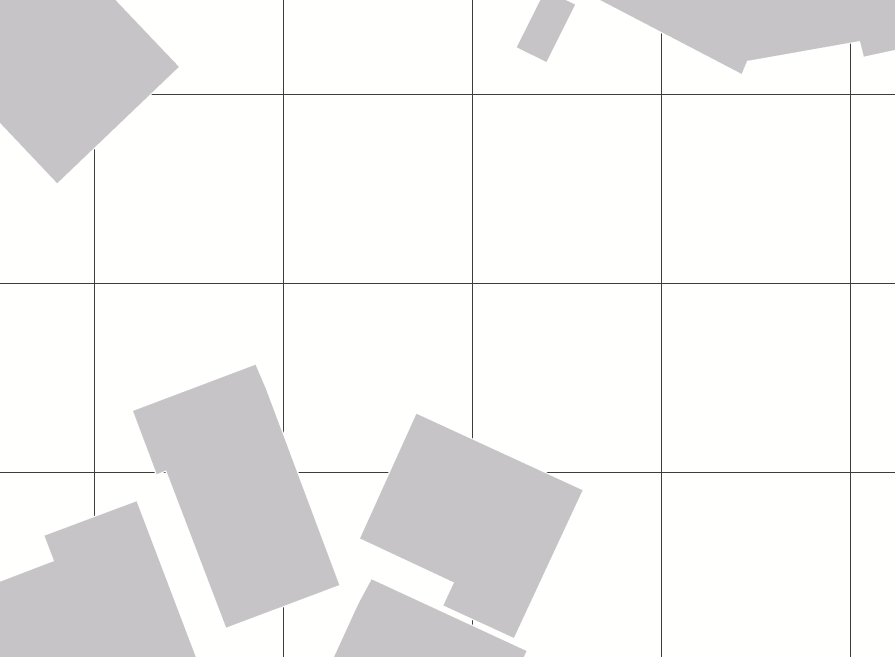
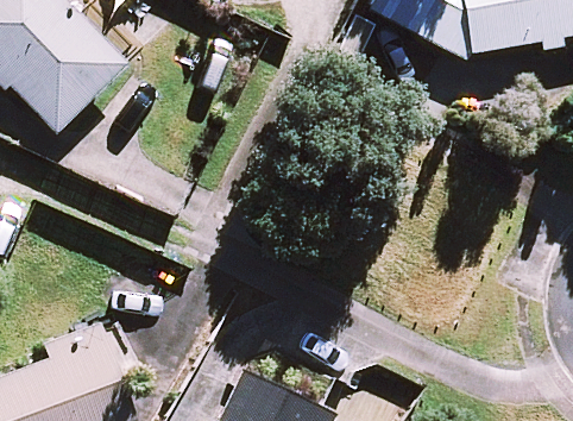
building: [132,364,340,628] -> none
building: [359,413,583,639] -> none

